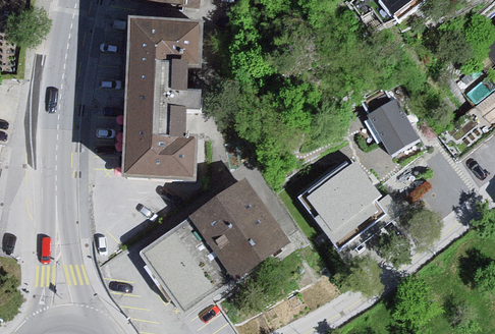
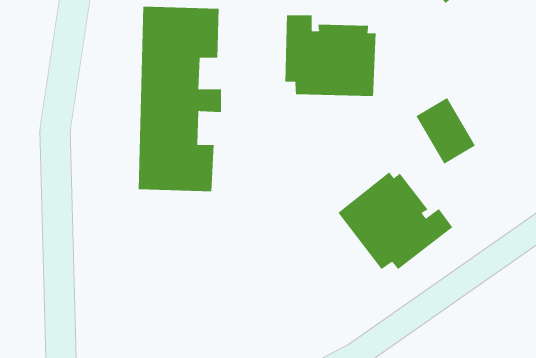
building: none -> [285,14,376,97]
building: [144,181,286,311] -> none

